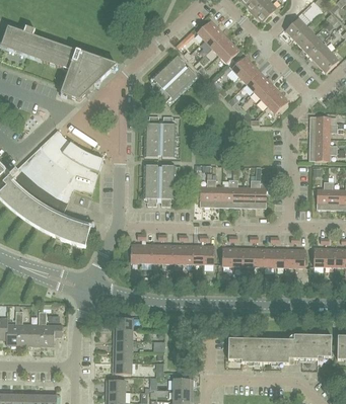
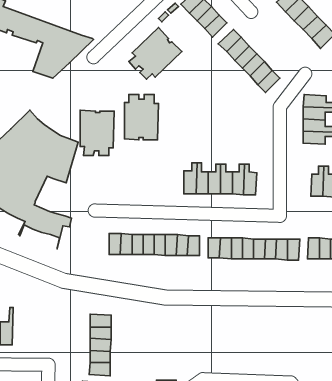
building: [143,164,175,206] -> [80,110,114,155]
building: [41,311,62,345] -> none
building: [227,334,331,362] -> none

